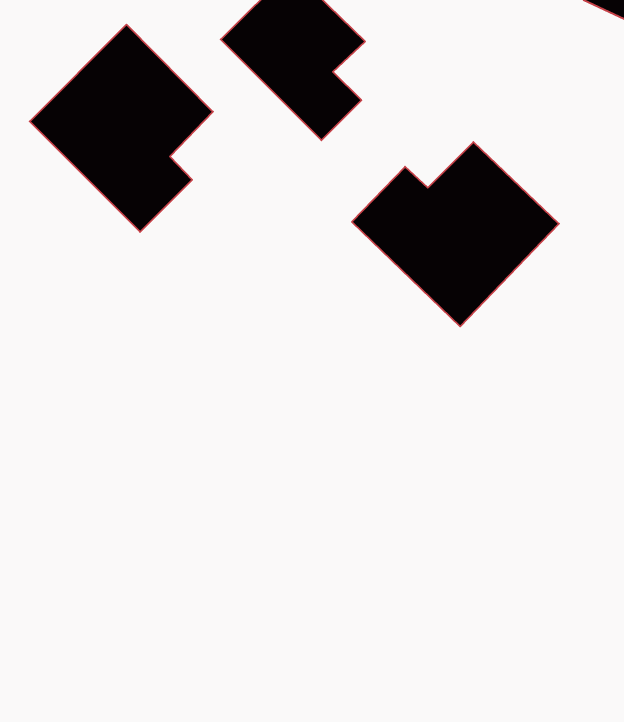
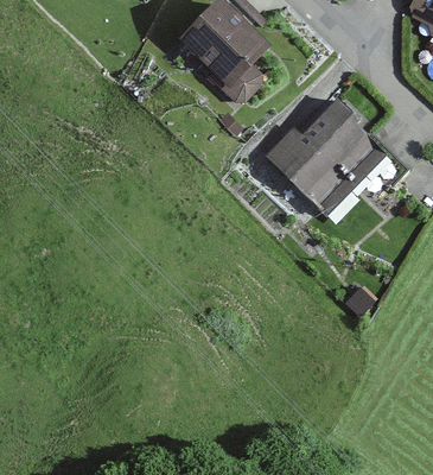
building: [30,25,213,232] -> none

